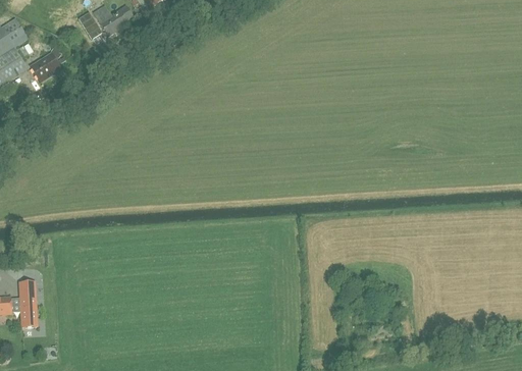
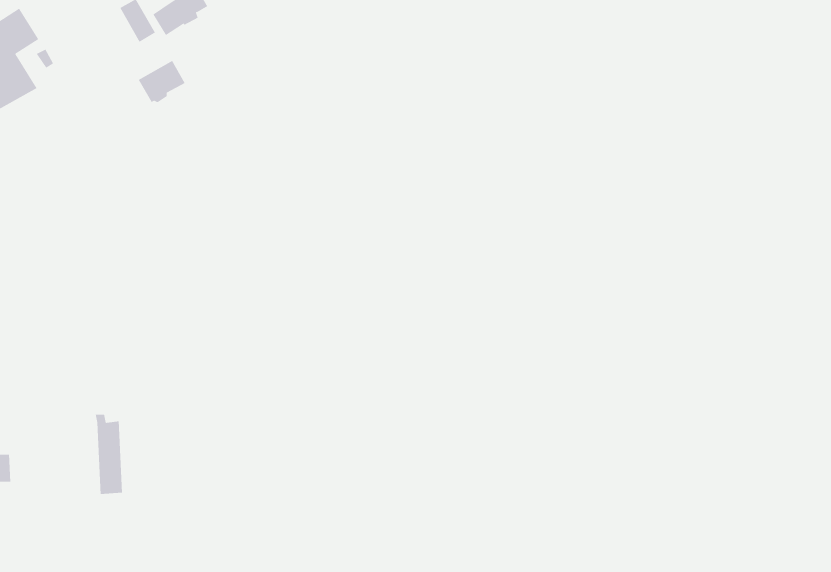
building: [30,52,59,78] -> [138,60,185,103]
building: [19,276,37,326] -> [95,414,123,495]

